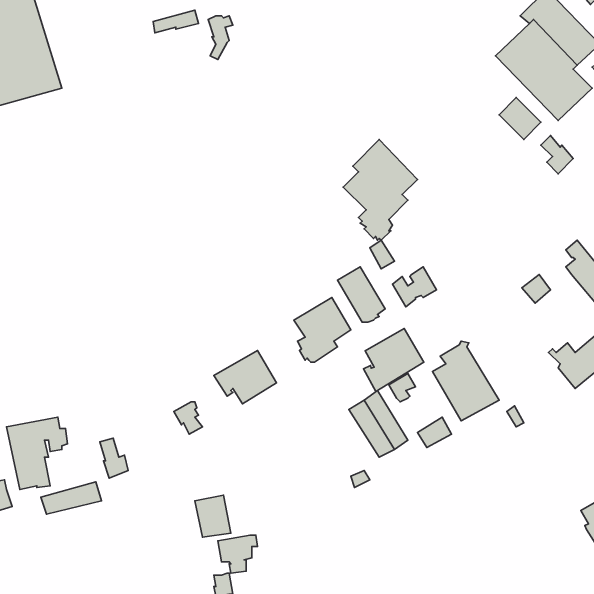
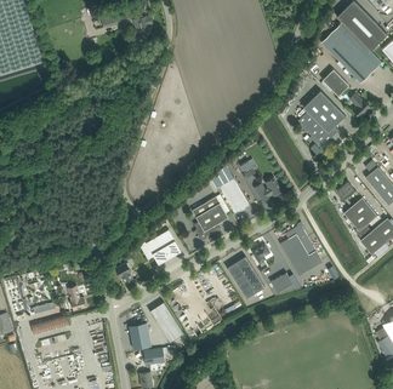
building: [343,139,417,240] -> [297,91,344,155]
building: none -> [343,198,377,231]
building: [364,329,424,392] -> none
building: none -> [149,302,184,343]

